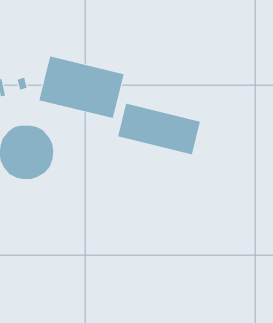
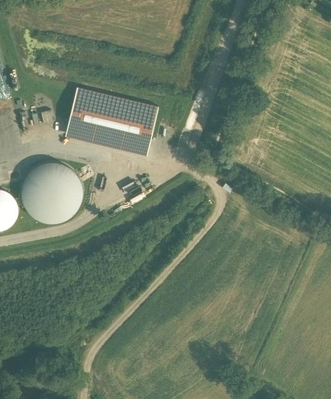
building: [118,103,200,155] -> none

